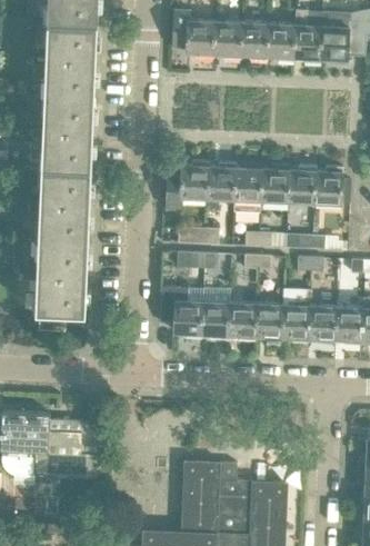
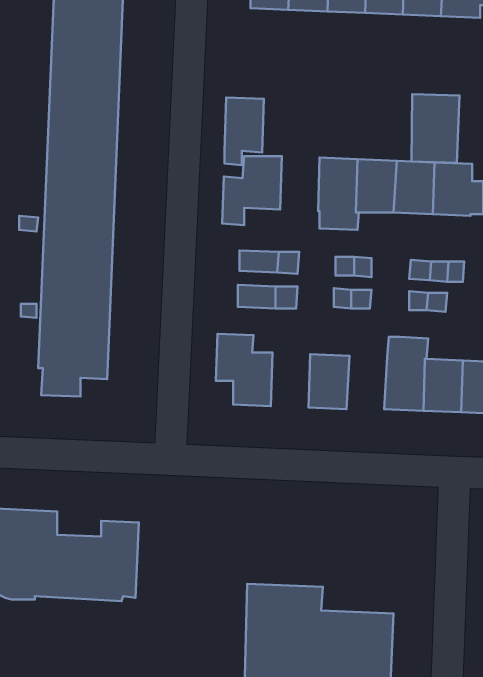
building: none -> [411,94,460,163]
building: [207,160,234,208] -> [224,97,264,165]
building: [200,299,228,338] -> none
building: [253,301,282,339] -> none

